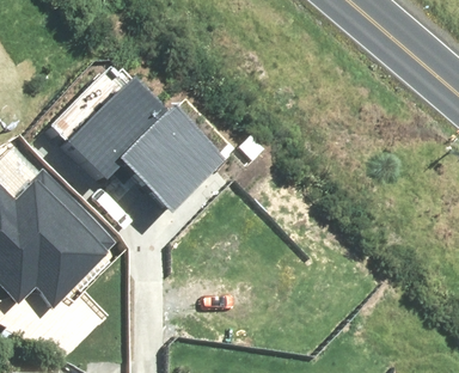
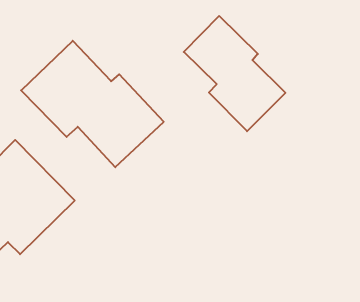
building: none -> [184,16,285,131]

